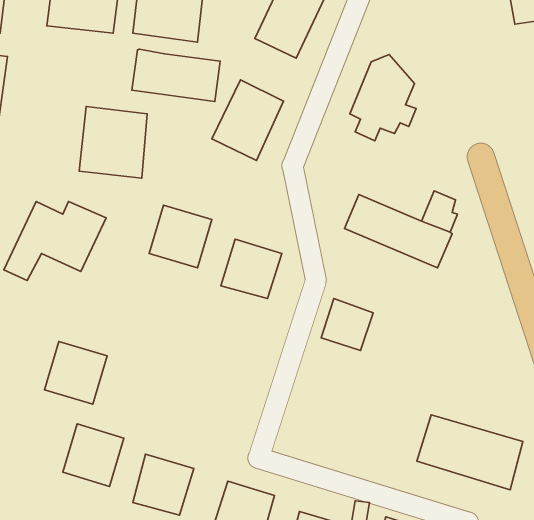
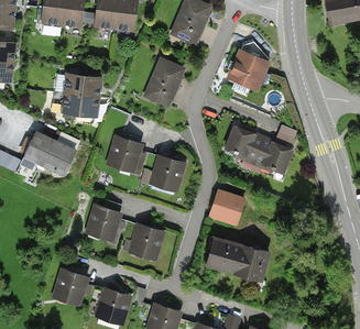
building: [132,49,220,102] -> none
building: [44,341,107,404] -> [85,205,123,243]
building: none -> [128,223,164,262]
building: [417,415,523,490] -> [204,238,269,284]

